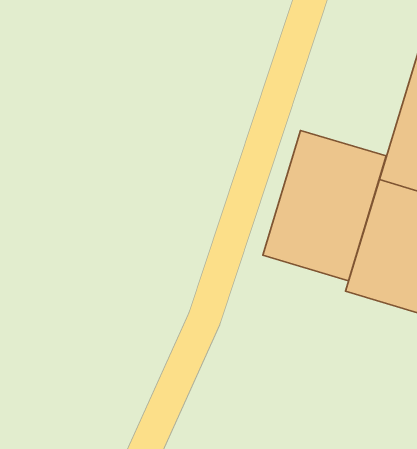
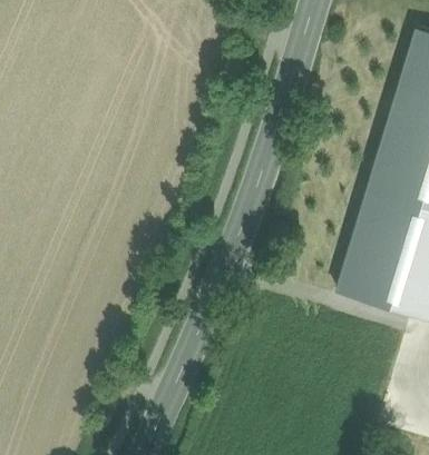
building: [263,130,386,281] -> none

